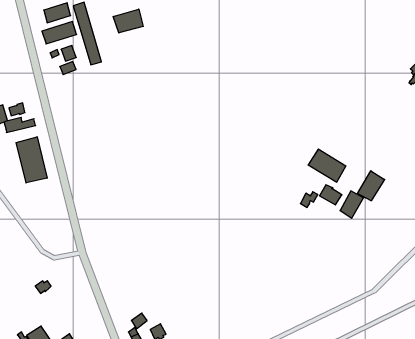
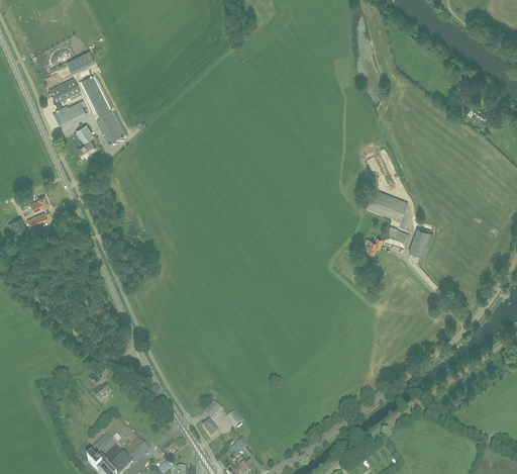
building: [113,9,143,33] -> none
building: [16,137,47,183] -> none
building: [358,171,385,201] -> none

